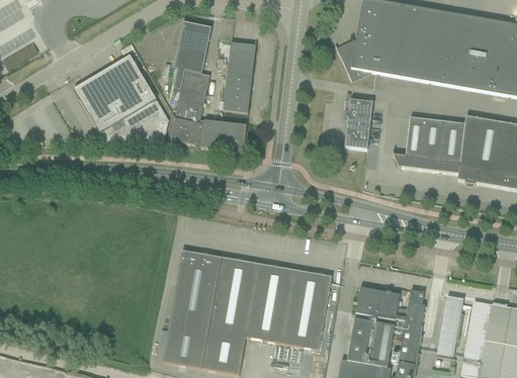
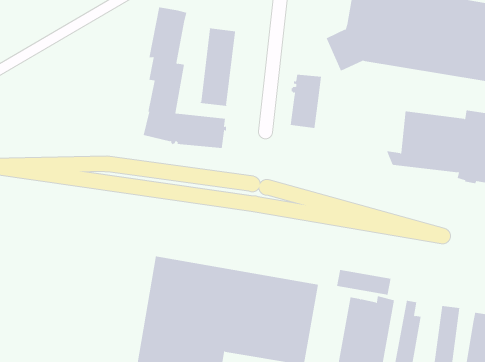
building: [73,54,169,139] -> none
building: [344,99,373,149] -> [290,74,322,128]
building: none -> [337,269,391,296]

